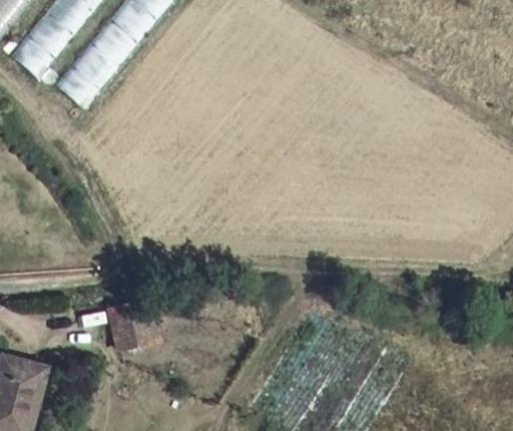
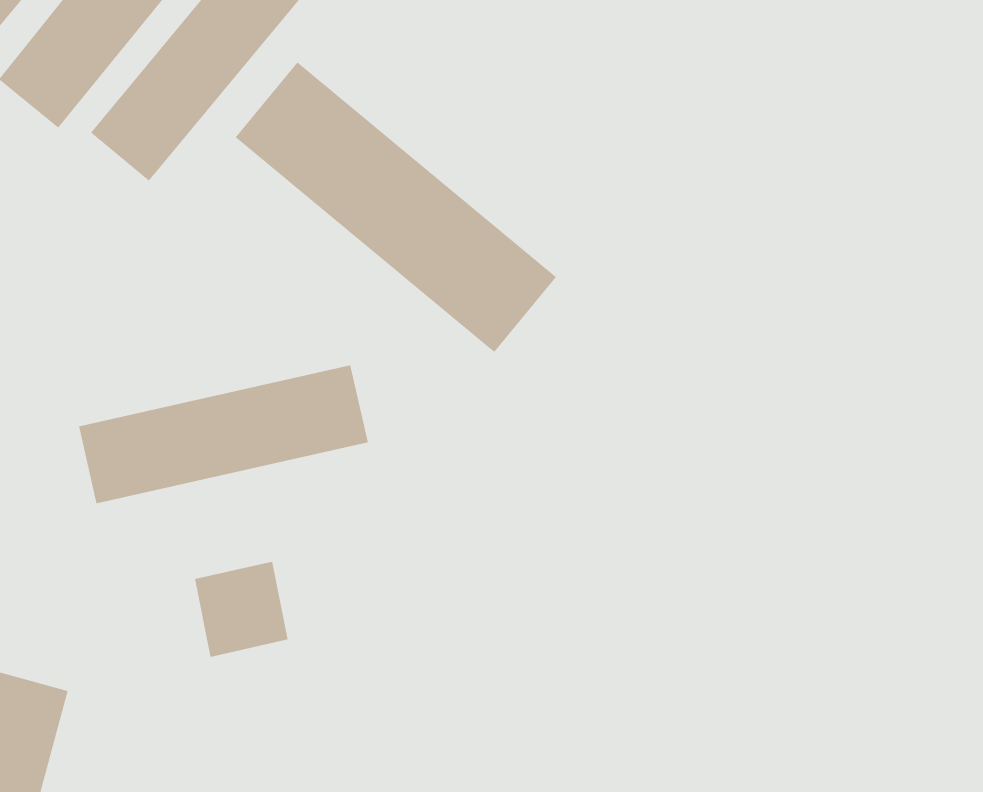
building: none -> [235,62,557,353]
building: none -> [78,365,368,504]

